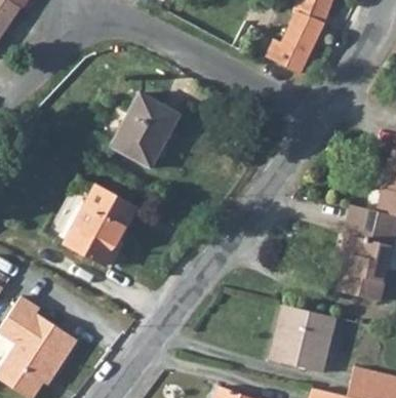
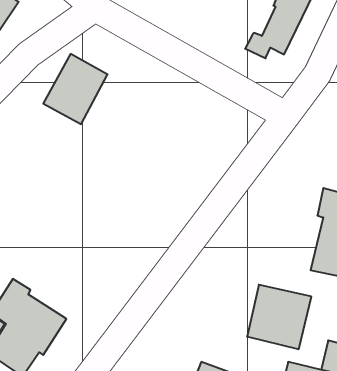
building: [113,91,181,165] -> [43,54,108,124]
building: [54,190,126,270] -> none

